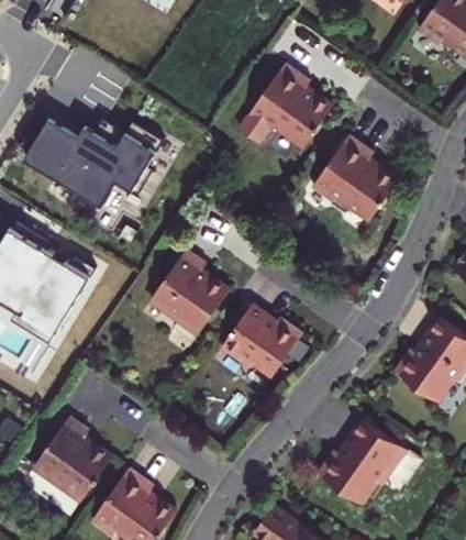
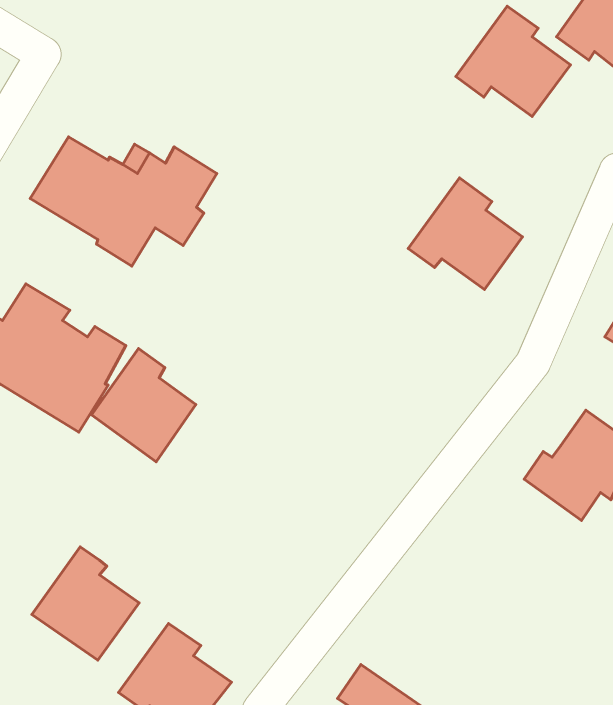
building: [241,68,326,151] -> [456,6,571,116]
building: [149,247,228,332] -> [92,349,196,462]
building: [219,304,302,374] -> none
building: [318,419,421,504] -> none

